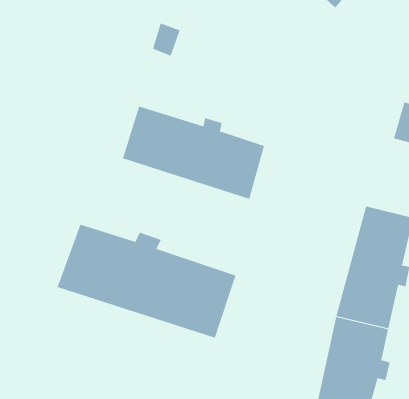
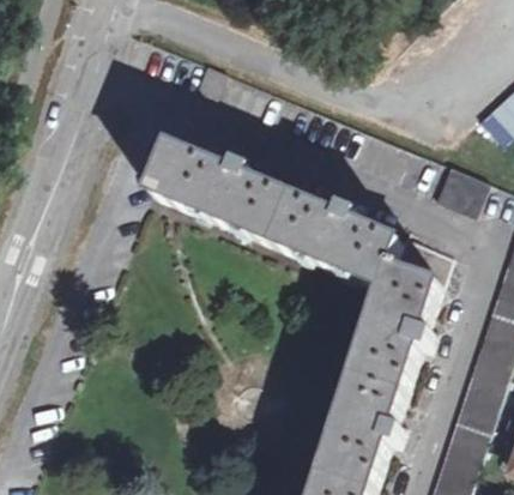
building: none -> [277,192,405,289]
building: [57,224,236,339] -> none

